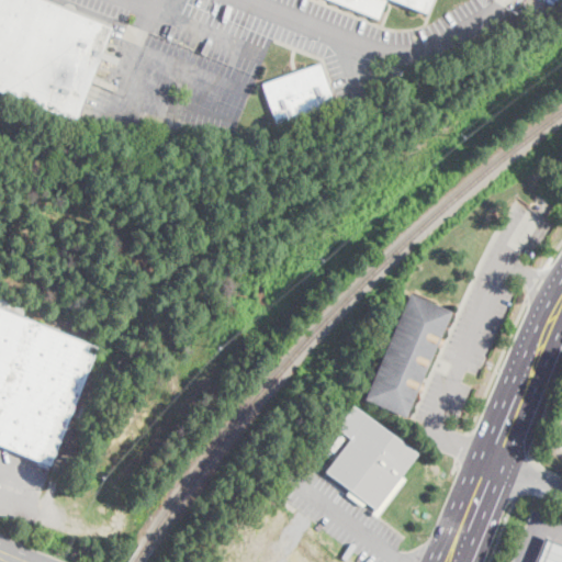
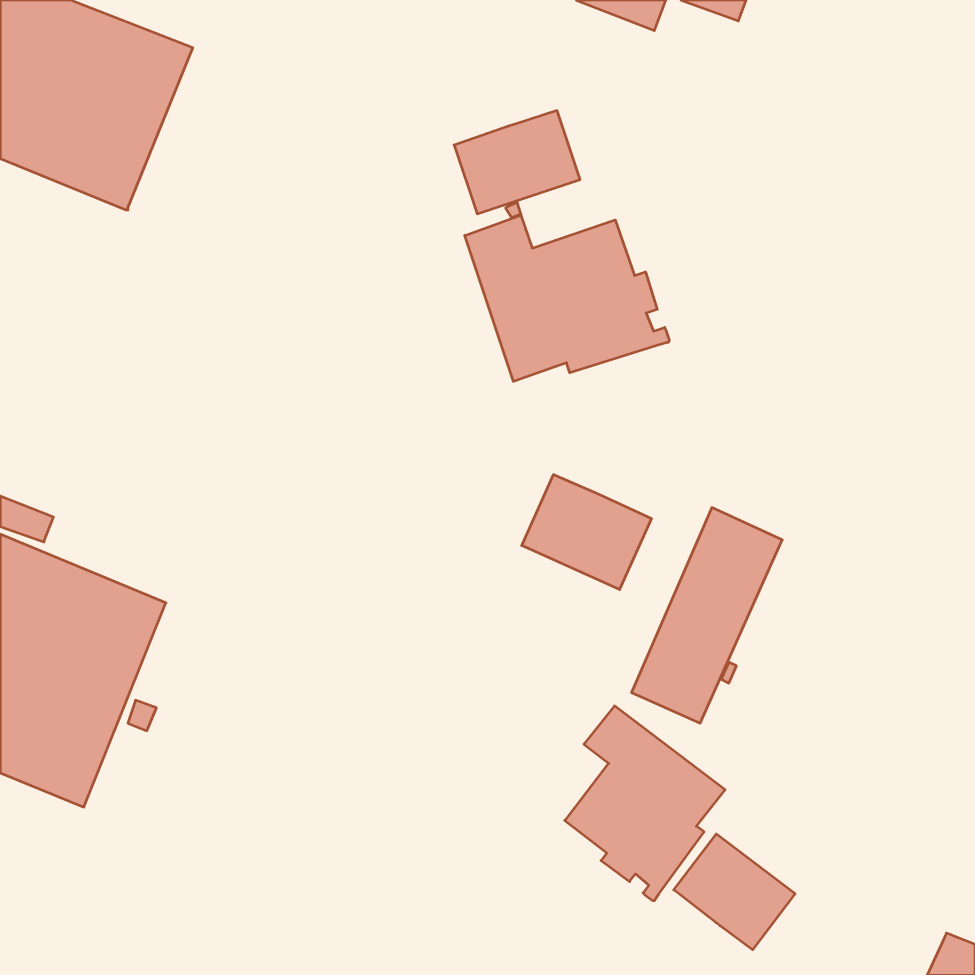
building: none -> [465,215,669,381]
building: none -> [522,475,651,590]
building: none -> [674,834,795,950]

